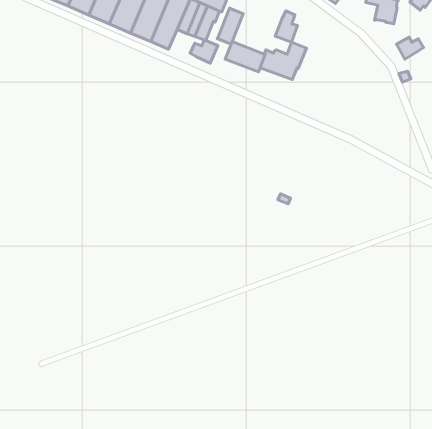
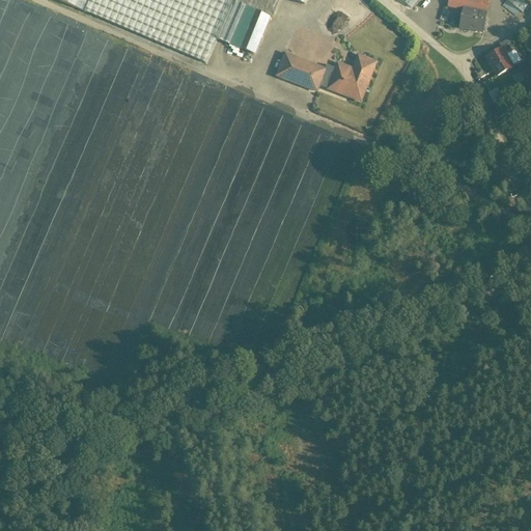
building: [217,8,243,44] -> none
building: [275,11,297,42] -> none
building: [190,40,218,63] -> none

